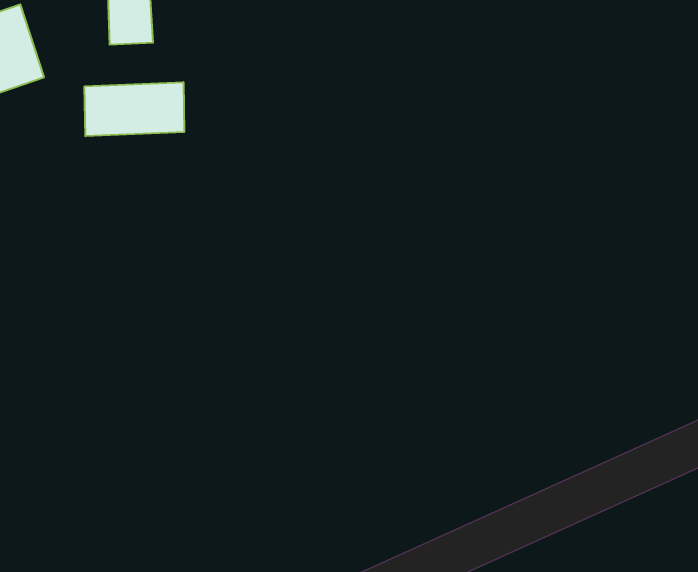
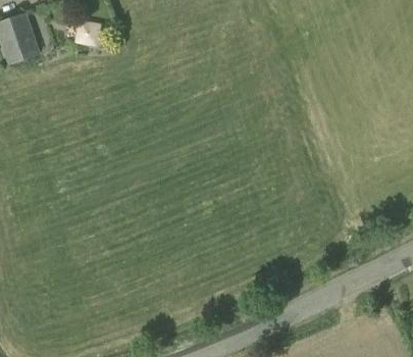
building: [85,82,184,136] -> none

